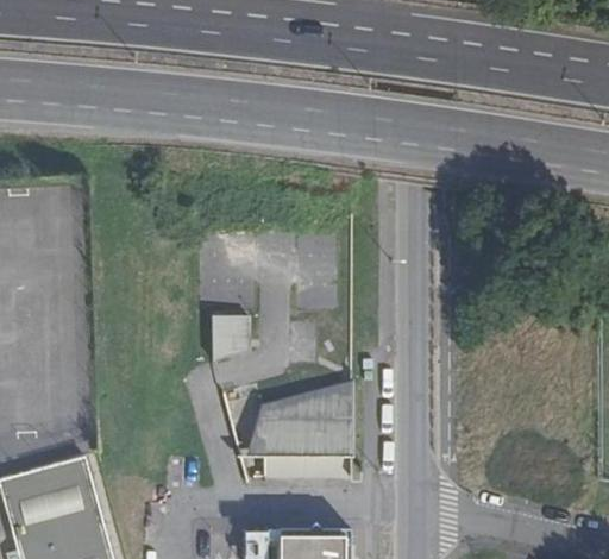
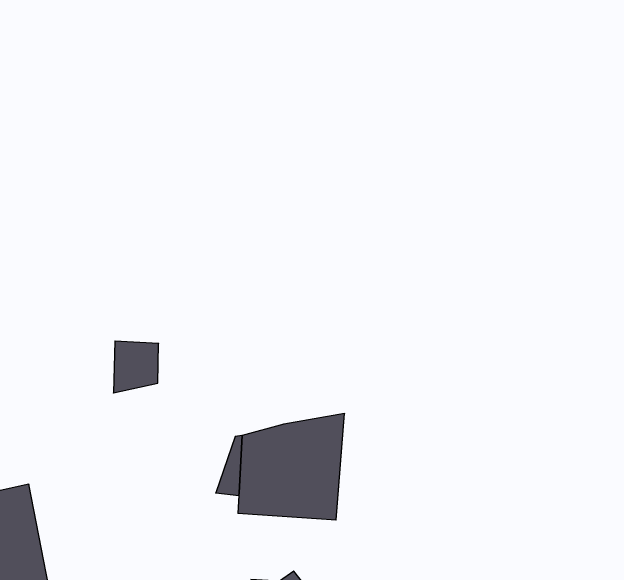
building: [211,316,250,362] -> [113,341,159,393]

